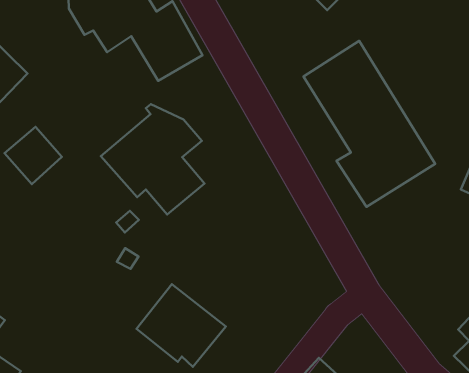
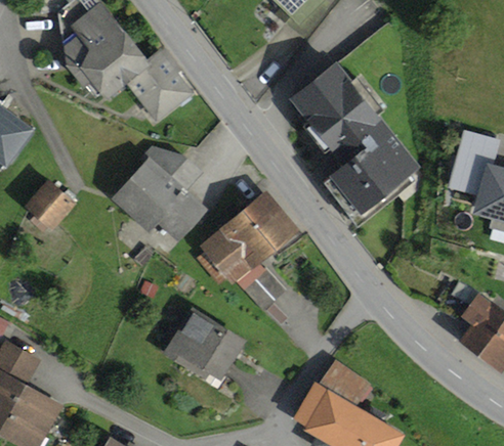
building: none -> [197,190,301,309]

